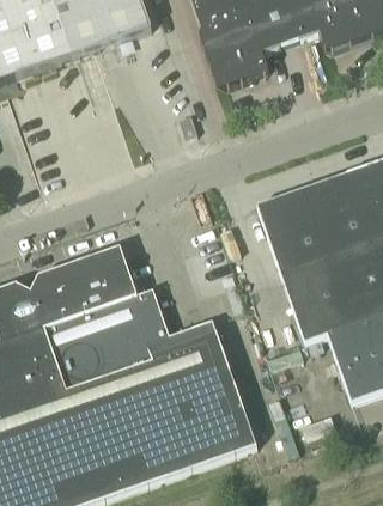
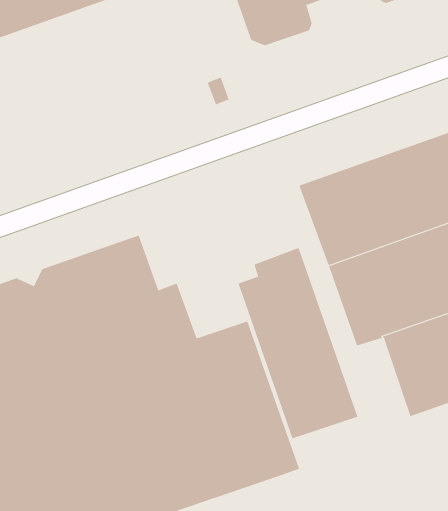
building: none -> [238,247,358,439]

